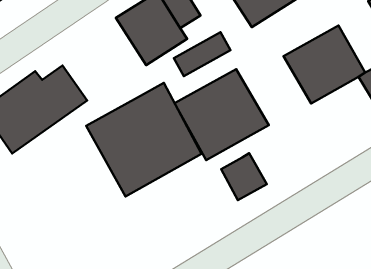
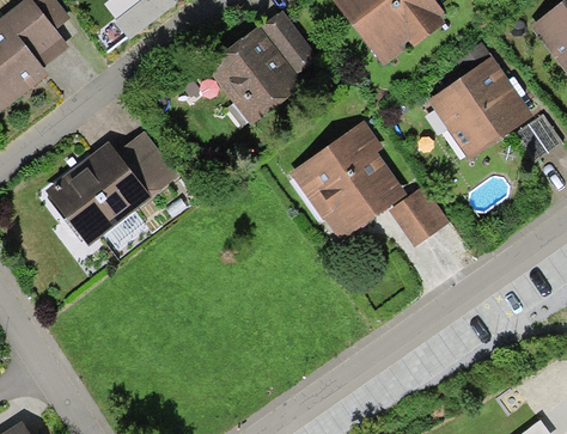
building: [174,32,231,76] -> none
building: [86,83,201,196] -> none
building: [221,153,267,200] -> [386,185,446,246]

